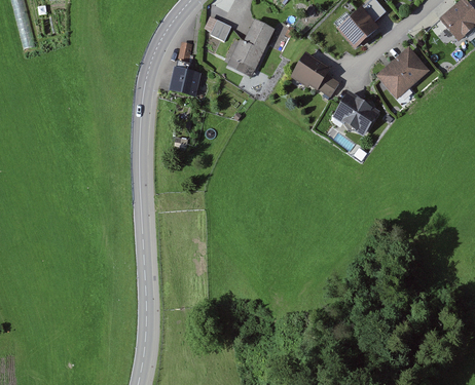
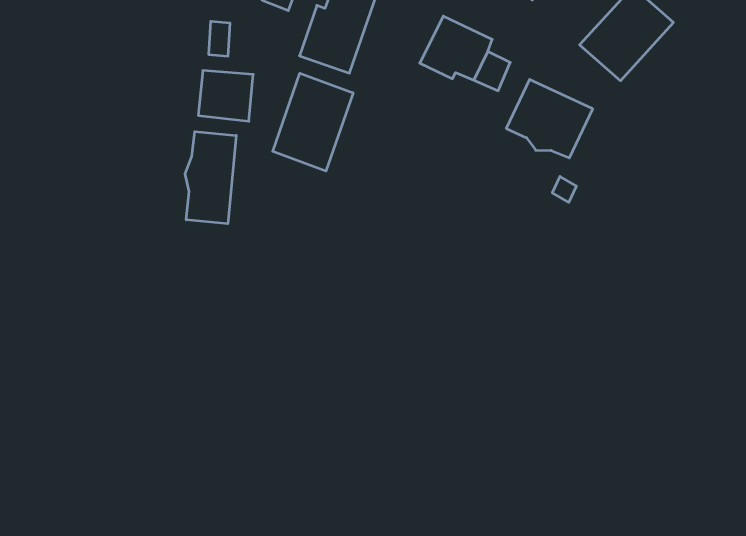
building: none -> [273,73,353,171]
building: none -> [185,132,236,224]

